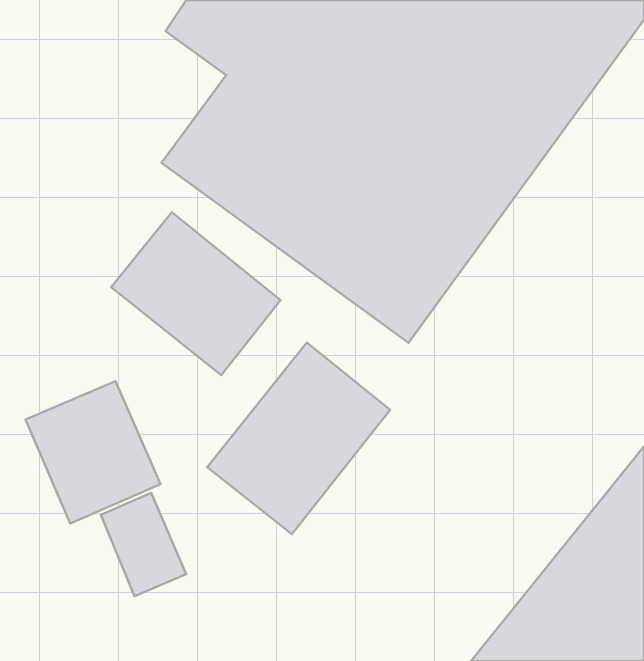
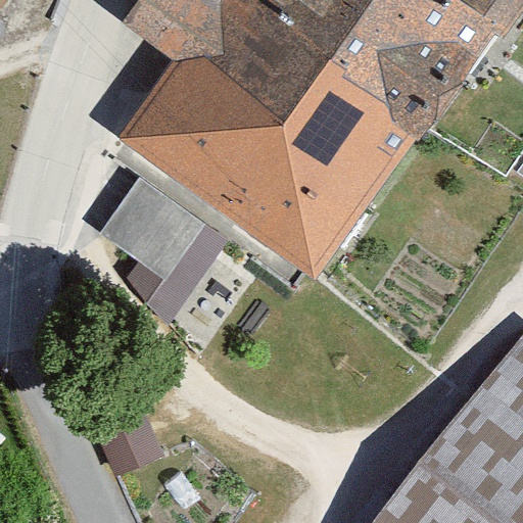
building: [207,342,390,534] -> none
building: [26,381,160,523] -> none

